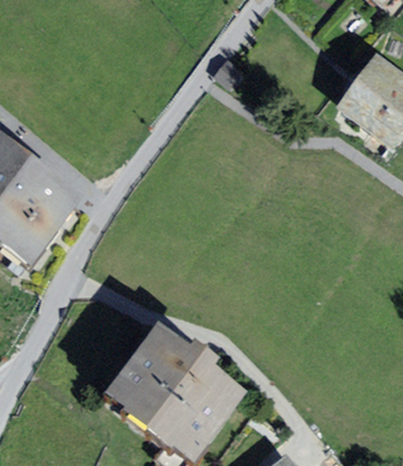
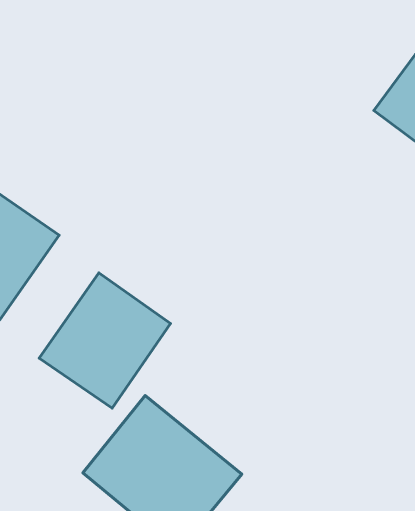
building: none -> [39,273,171,408]

